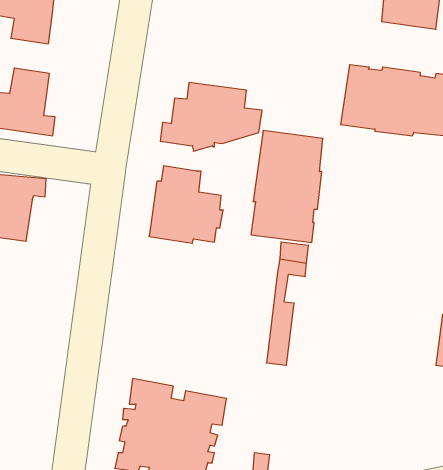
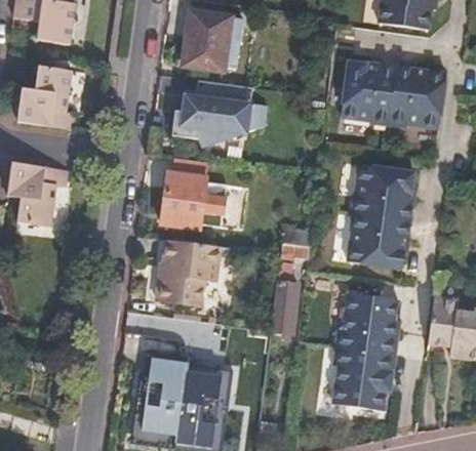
building: none -> [185,10,244,70]
building: [251,131,323,243] -> [345,165,411,269]
building: none -> [156,240,220,309]
building: none -> [331,292,397,411]

